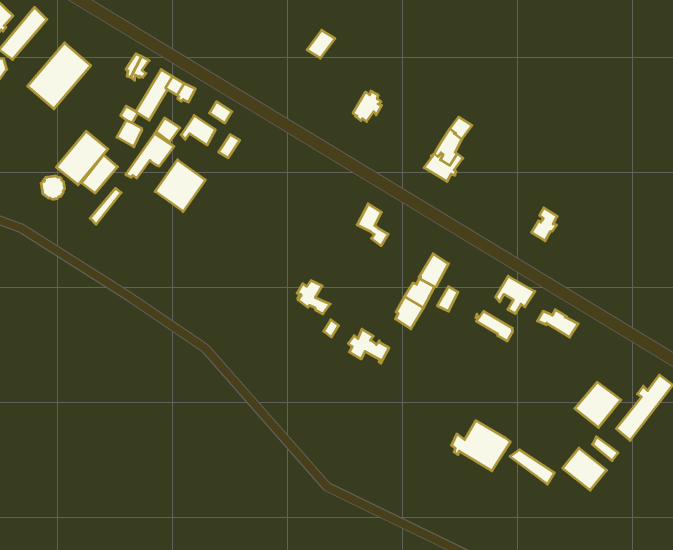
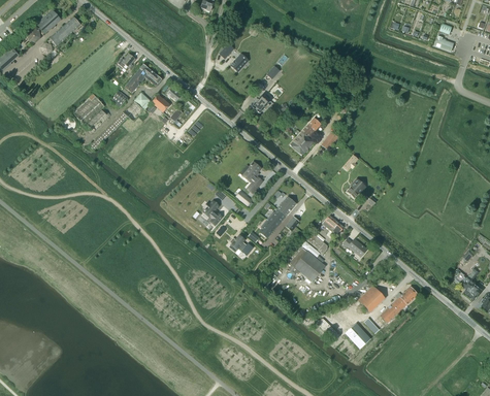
building: [28,43,91,109] -> none
building: [155,160,205,212] -> none
building: [451,421,510,471] -> [290,251,325,282]

